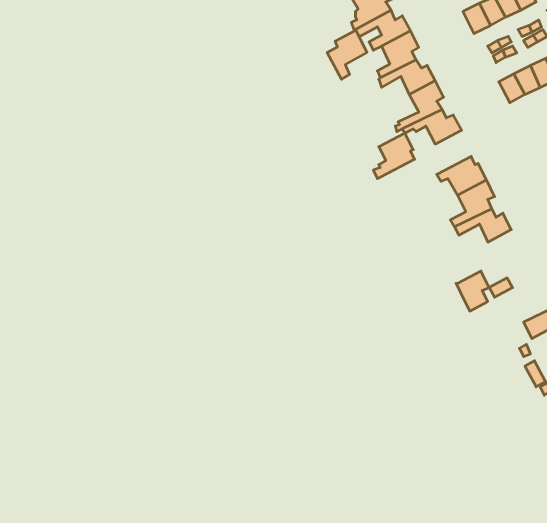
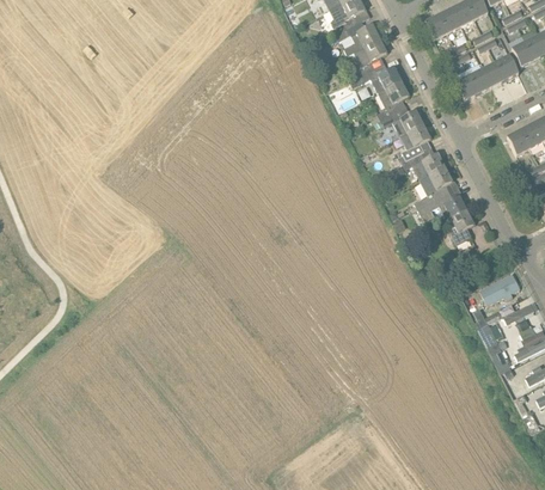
building: [327,30,367,79] -> none
building: [373,133,415,179] -> [396,123,431,163]
building: [456,271,489,311] -> [445,209,473,244]

